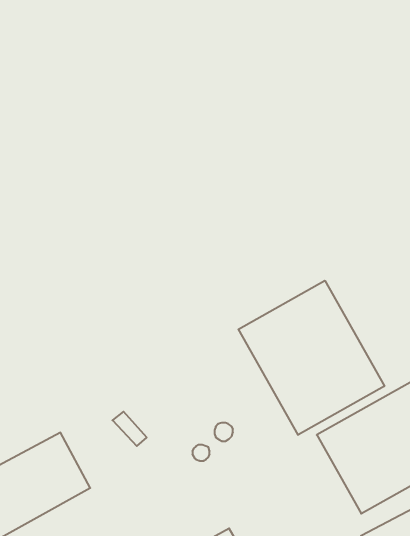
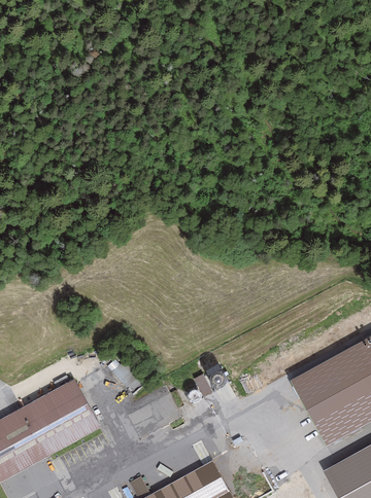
building: [238,281,384,435] -> none

